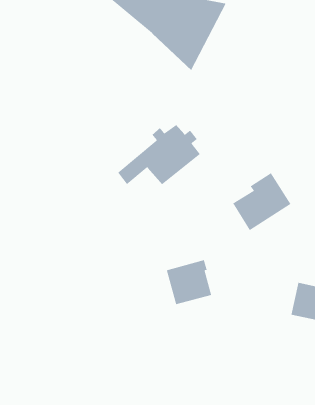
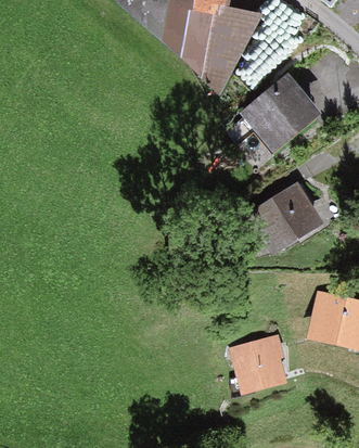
building: [117,124,201,185] -> [229,81,313,143]
building: [166,259,212,305] -> [235,338,282,385]

